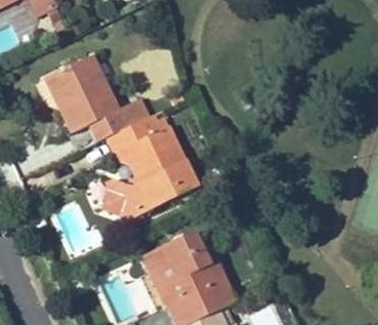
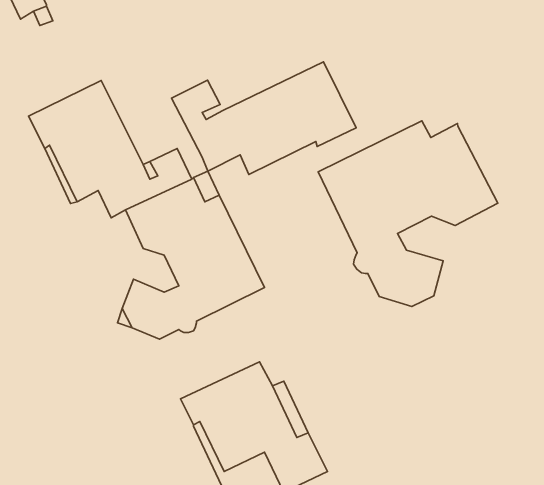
building: none -> [171,62,356,175]
building: none -> [318,121,498,306]

